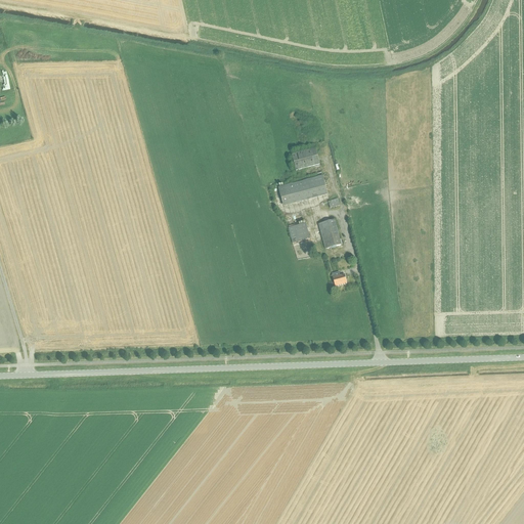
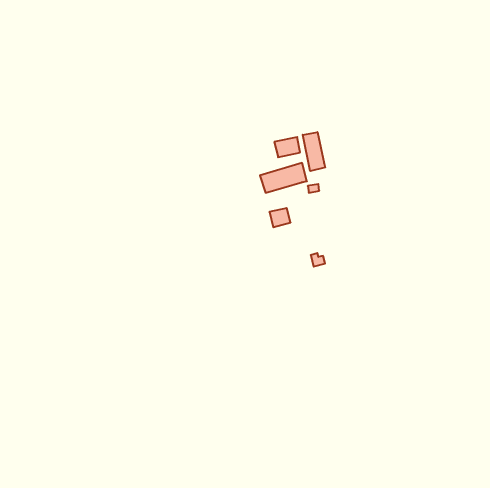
building: none -> [303,132,325,171]
building: [318,218,341,248] -> none

